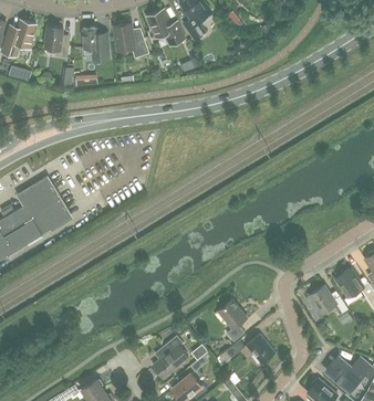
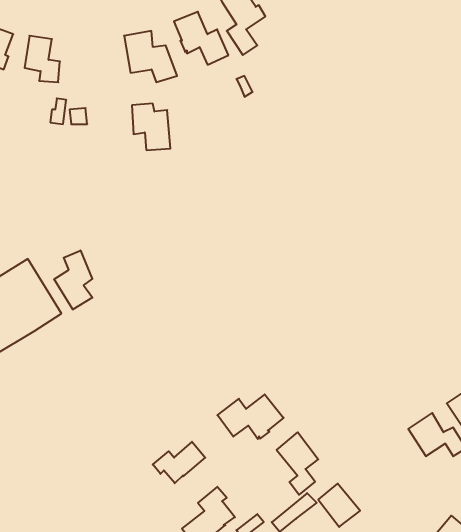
building: [82,29,108,61] -> [132,104,170,150]
building: none -> [54,250,92,310]
building: none -> [217,394,284,439]
building: none -> [153,442,205,483]

